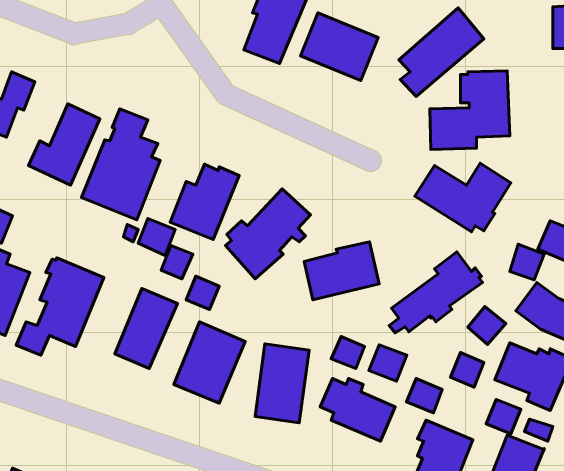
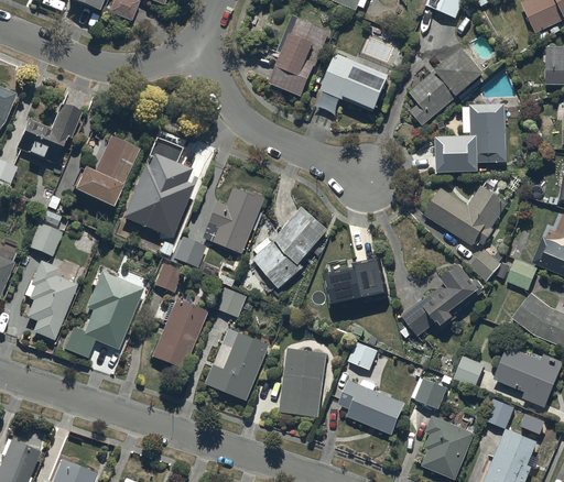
building: [161,246,193,279] -> [155,262,184,292]
building: [468,306,506,345] -> [468,248,502,282]
building: [369,345,407,381] -> none

